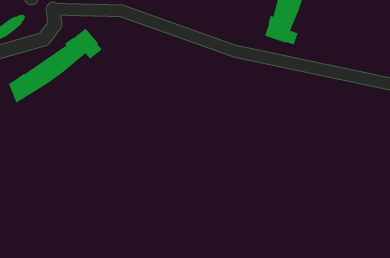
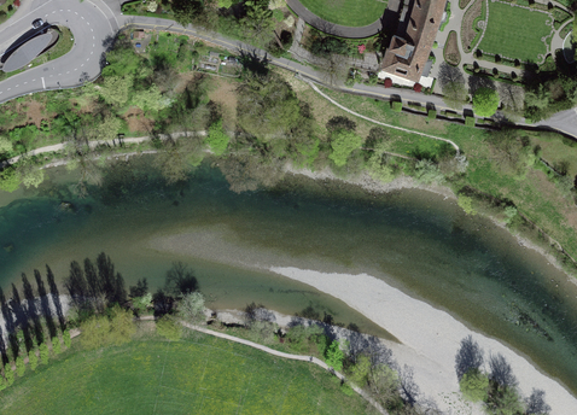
building: [8,28,103,103] -> none

